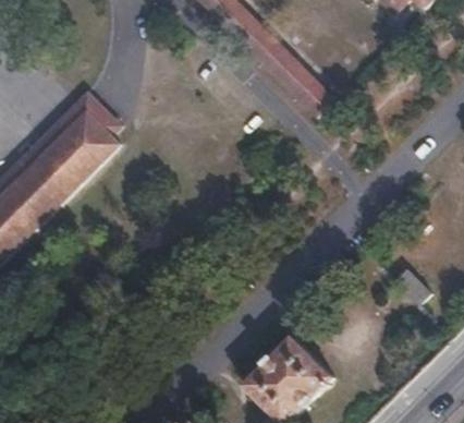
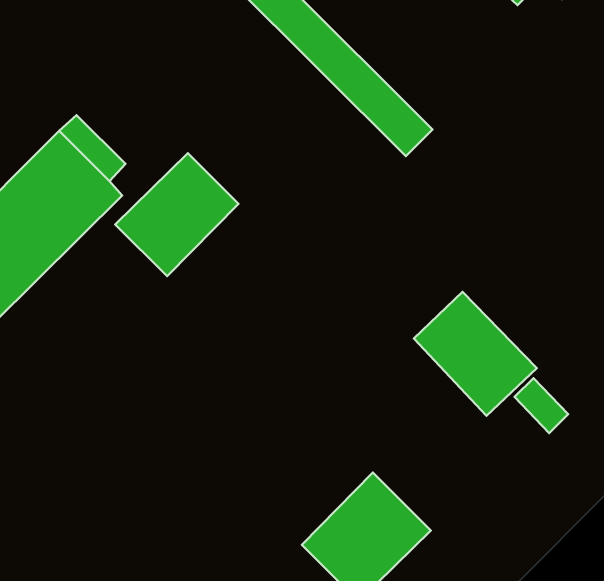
building: none -> [115,153,238,276]
building: none -> [414,292,537,416]

